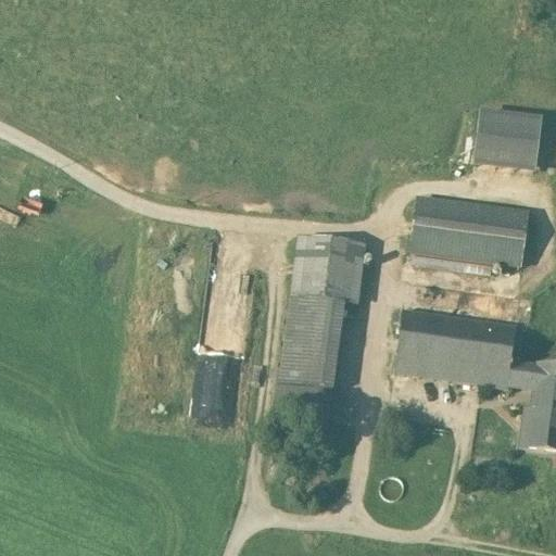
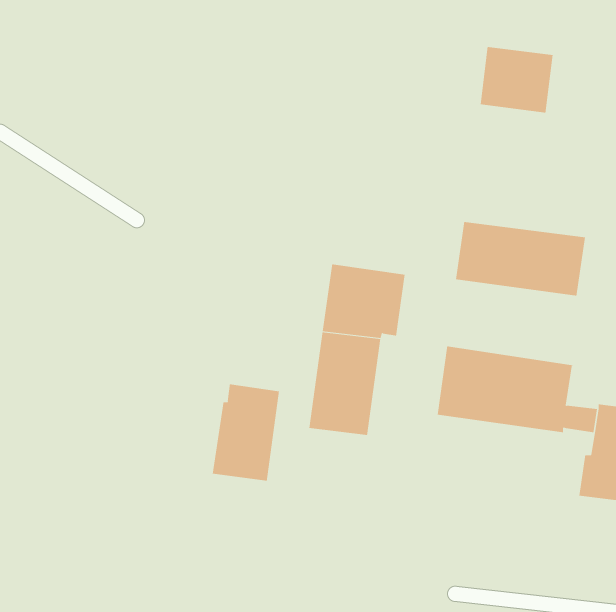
building: [475,112,541,172] -> [480,46,554,113]
building: none -> [212,384,279,482]

